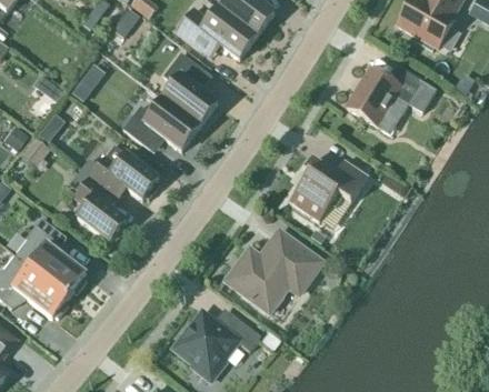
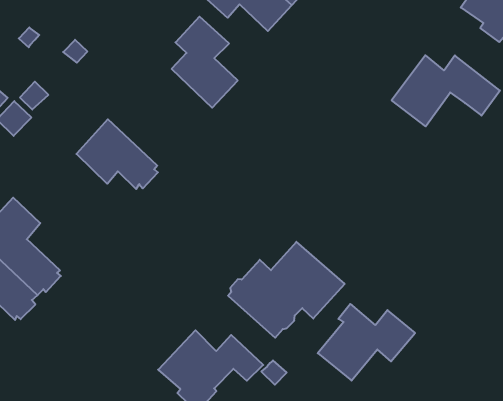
building: [122,98,199,150] -> none
building: [289,158,368,221] -> [318,304,415,381]
building: [74,175,127,241] -> none

